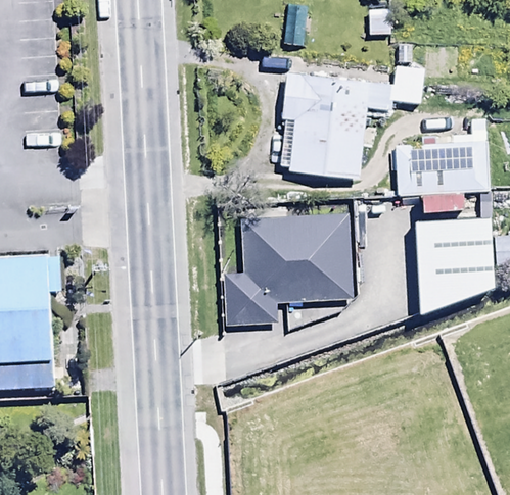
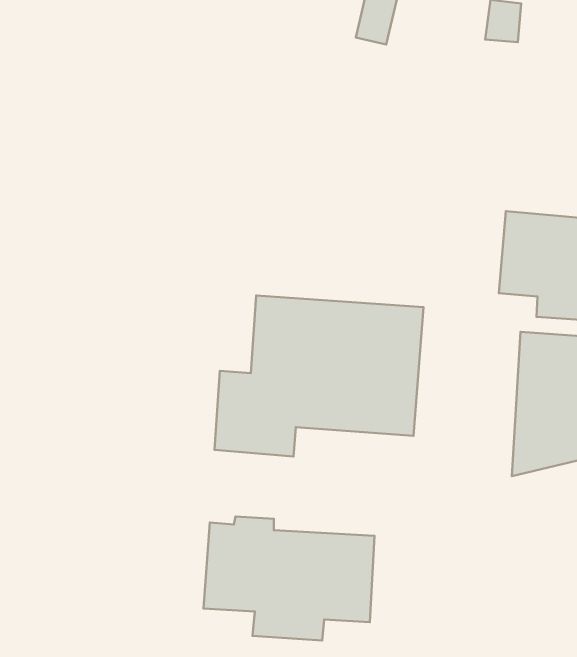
building: [279,73,408,179] -> none
building: none -> [204,516,374,641]

